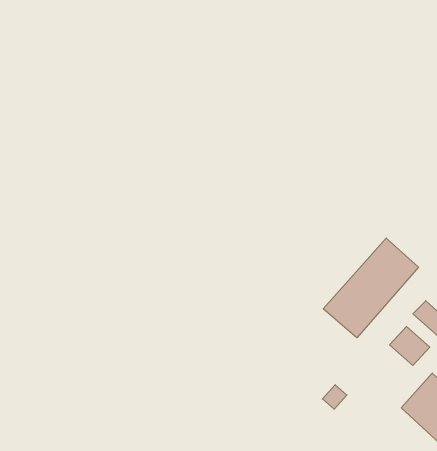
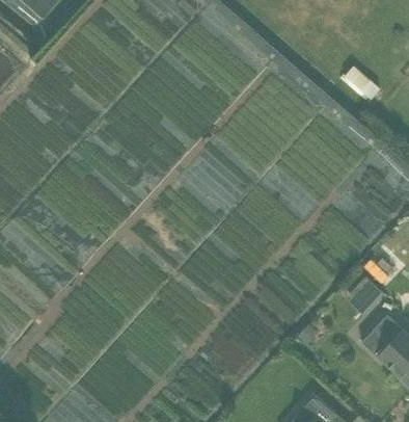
building: [323,238,418,338] -> none

